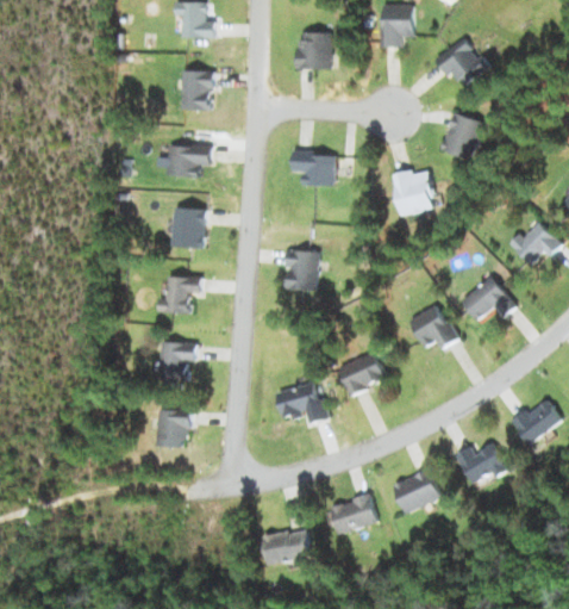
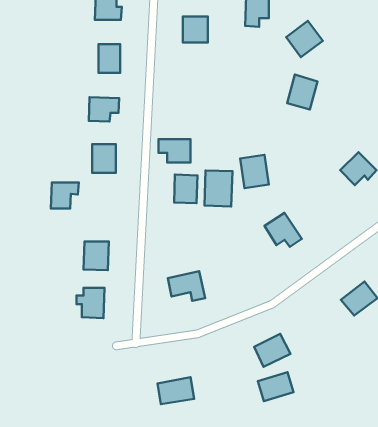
building: [290,154,334,186] -> [158,139,191,163]
building: [392,169,431,215] -> [240,155,269,188]
building: none -> [204,170,232,206]
building: [163,276,201,312] -> [51,182,79,209]
building: [462,276,517,319] -> none
building: [337,352,387,396] -> none
building: [457,443,507,485] -> none
building: [331,495,380,534] -> [258,372,293,401]

